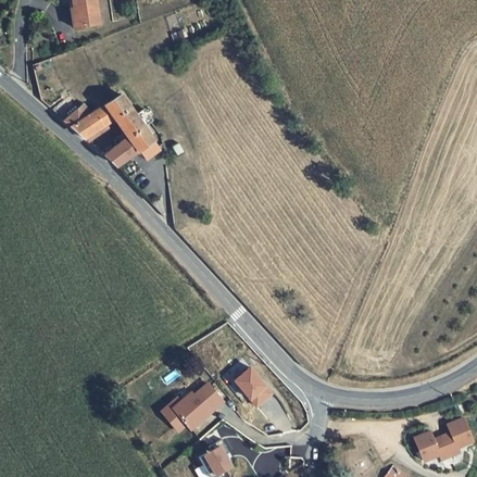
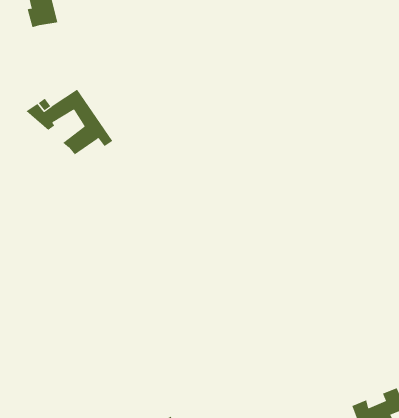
building: [234,366,274,407] -> none
building: [164,385,226,431] -> none

